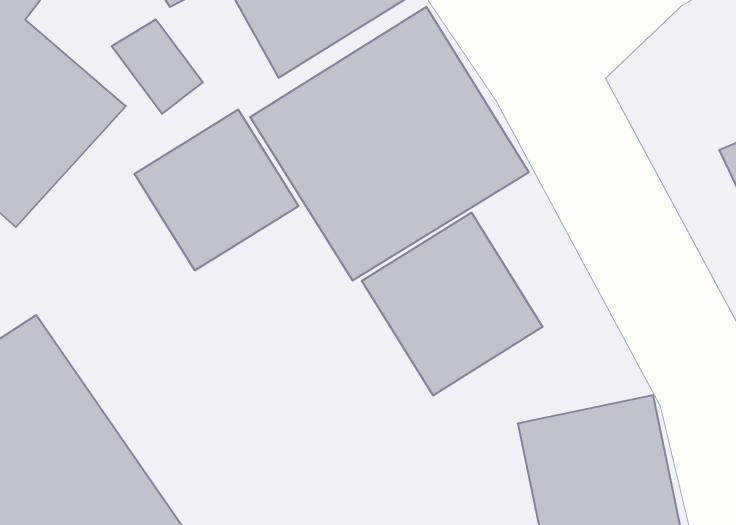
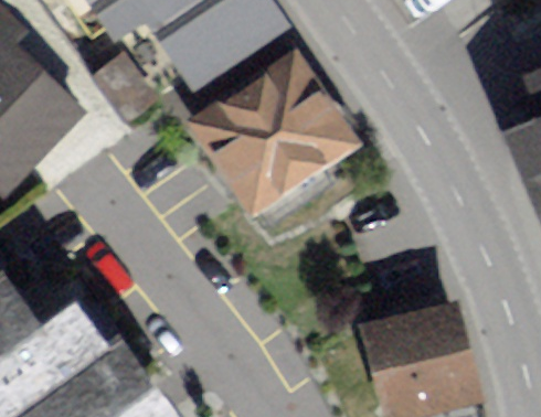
building: [135,110,298,270] -> none
building: [362,213,543,395] -> none

